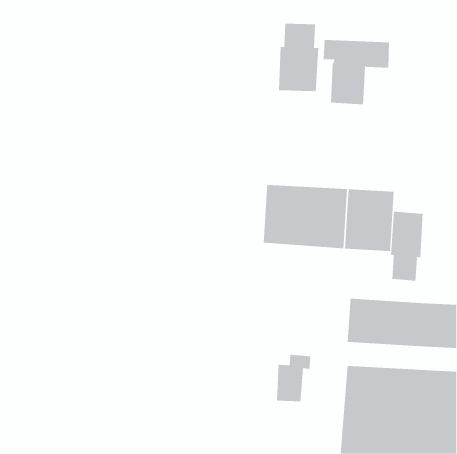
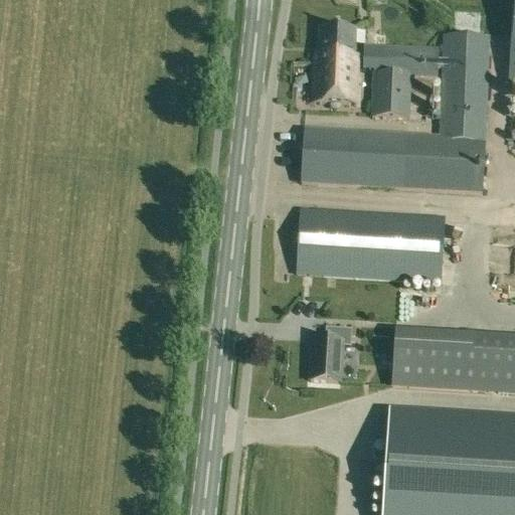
building: none -> [301,33,488,192]
building: [391,211,423,281] -> none
building: [276,354,311,402] -> [312,327,351,380]

